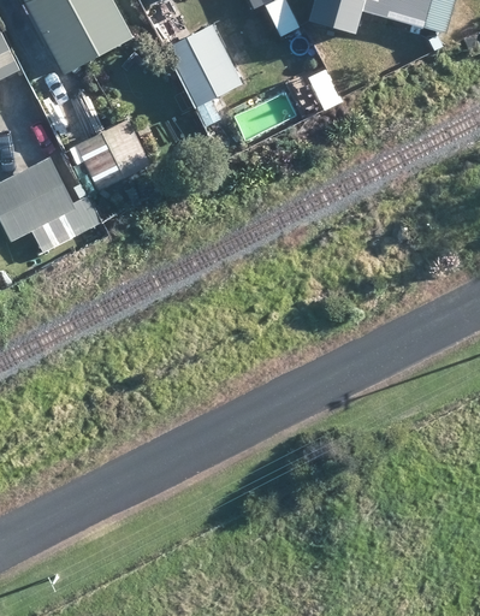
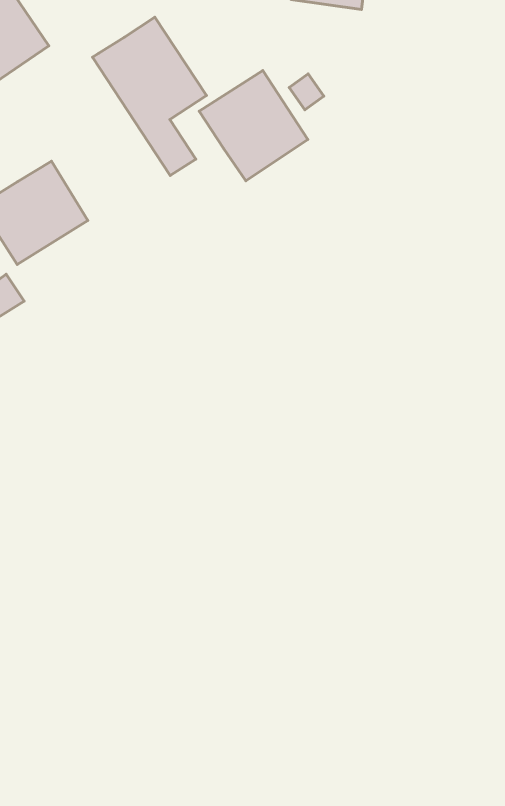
building: none -> [199,71,308,181]

